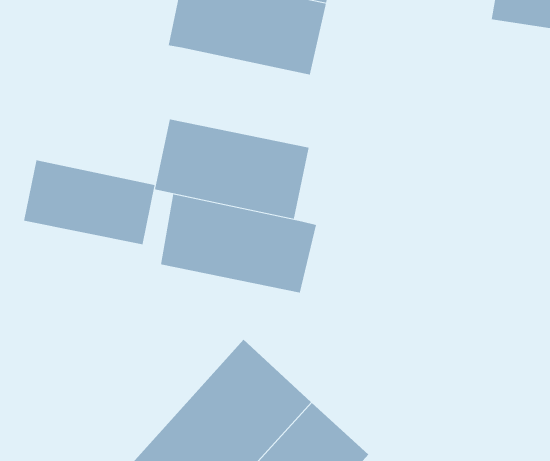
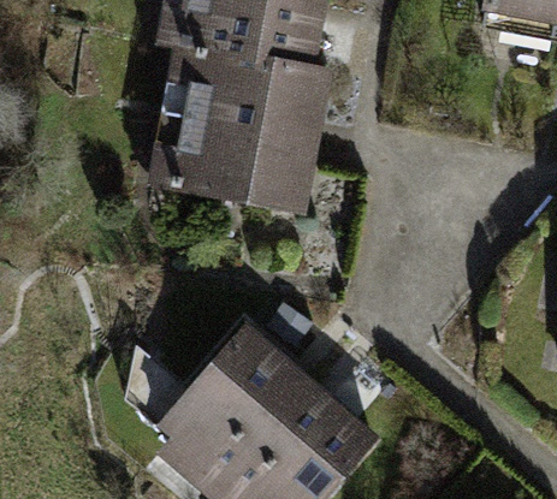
building: [24,160,155,245] -> none
building: [160,194,317,293] -> [179,54,331,150]

